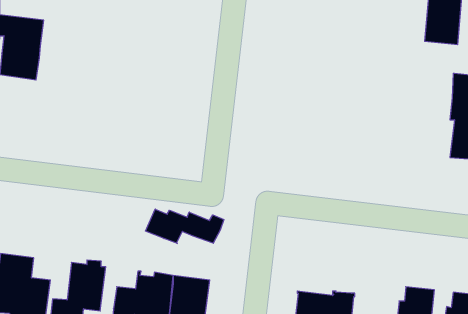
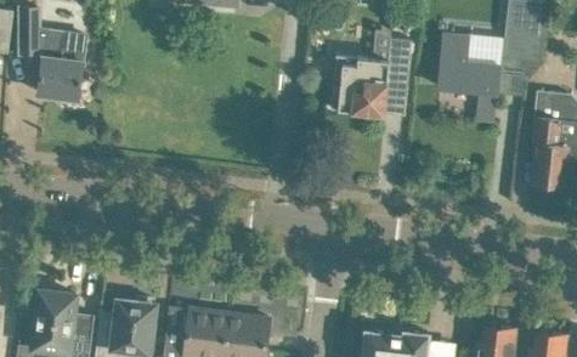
building: none -> [439,32,502,121]
building: none -> [330,38,412,114]
building: [146,209,224,243] -> none

